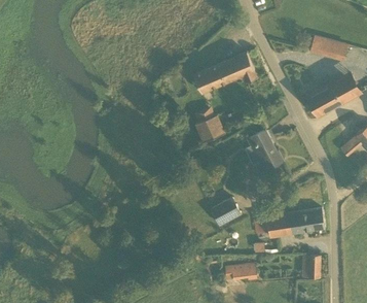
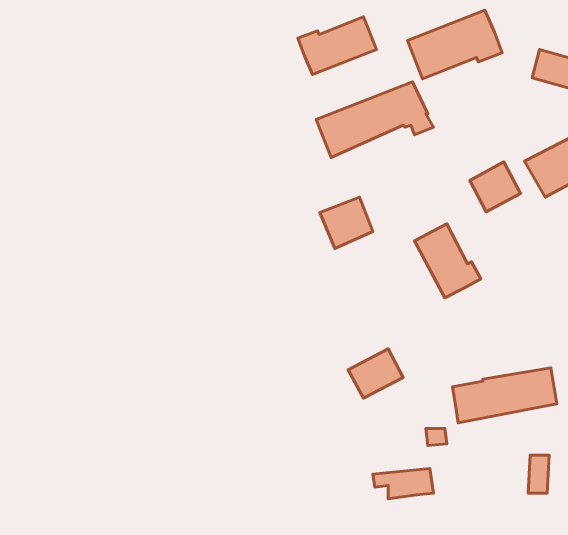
building: none -> [407,10,502,79]
building: none -> [298,17,376,74]
building: none -> [470,162,521,212]

